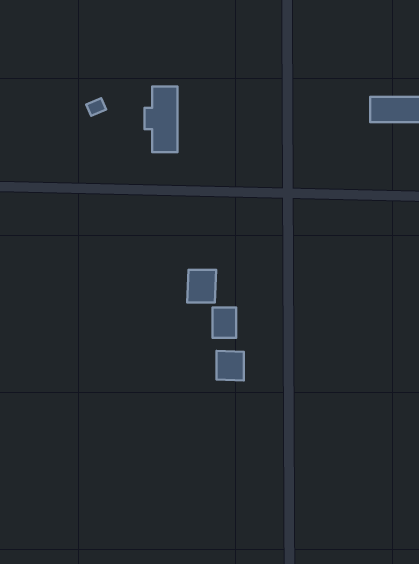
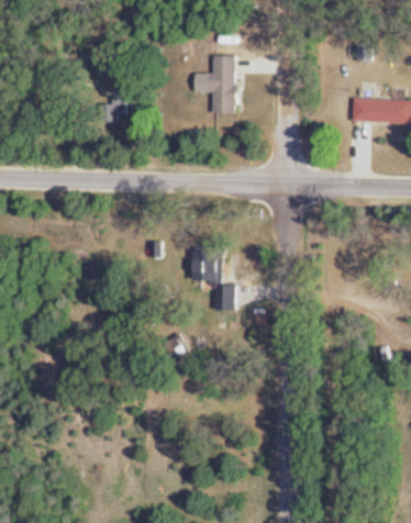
building: [145,86,177,152] -> [207,55,235,112]
building: [216,351,244,380] -> none

